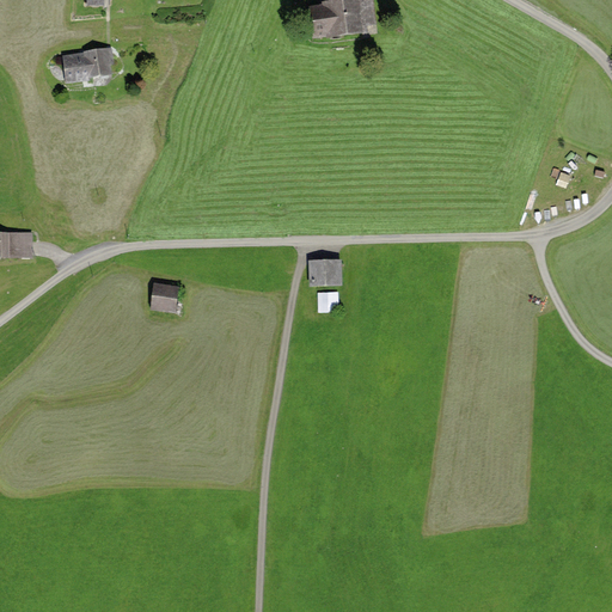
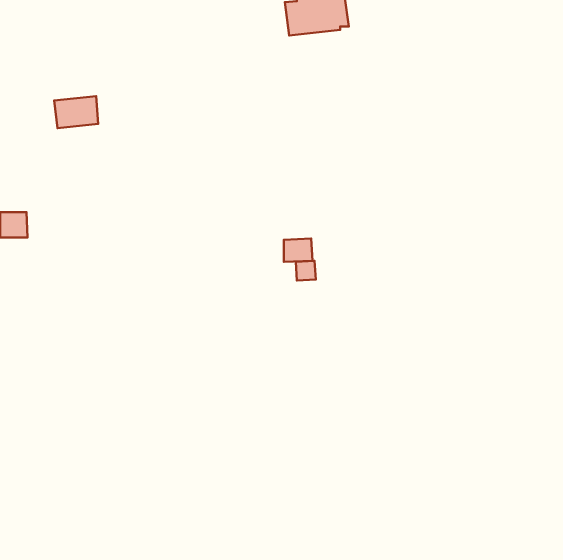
building: [65,47,112,81] -> [54,96,98,128]
building: [147,282,177,312] -> none

